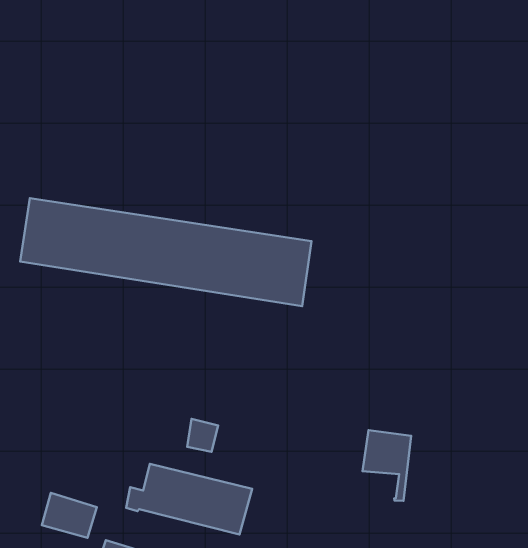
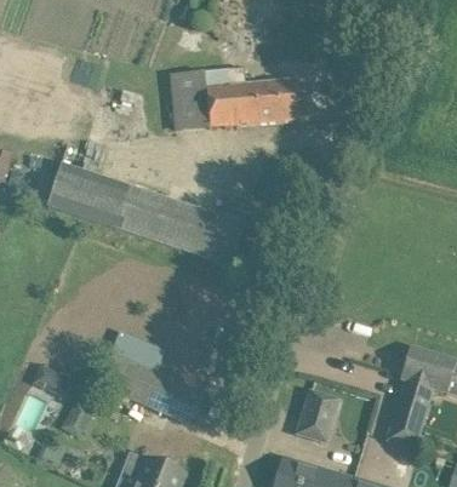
building: none -> [170,67,299,130]
building: [362,430,411,501] -> [302,390,338,441]

